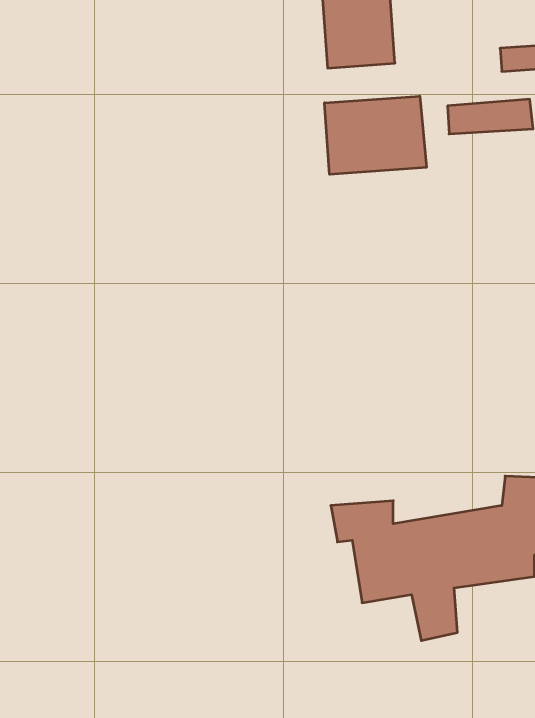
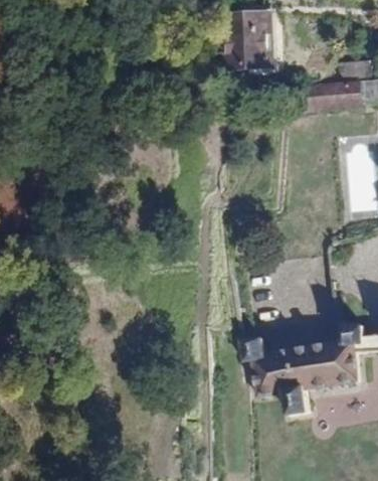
building: [325,96,426,174] -> none

